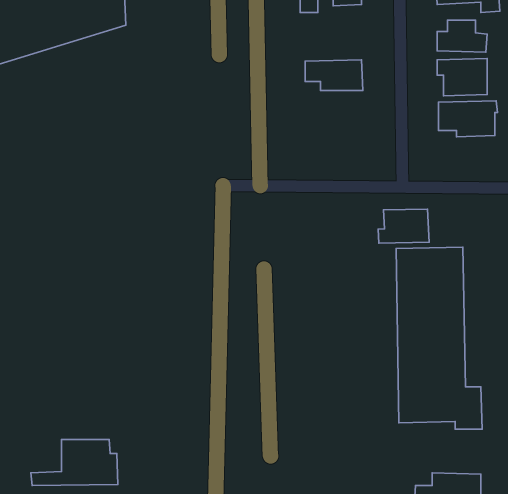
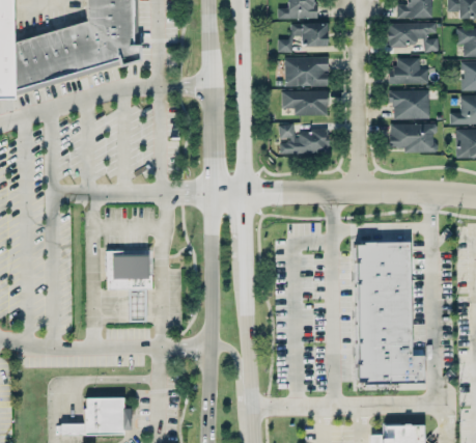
building: none -> [283,57,328,86]
building: none -> [278,123,328,156]
building: [378,209,429,243] -> none
building: none -> [106,250,152,323]

